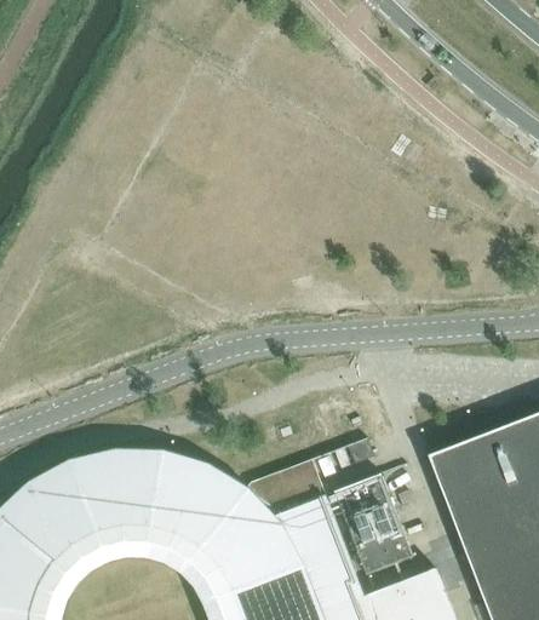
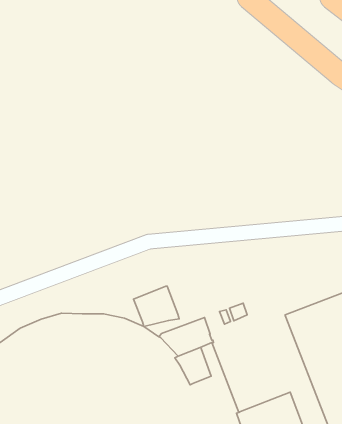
building: none -> [134,286,179,327]
building: [334,475,413,576] -> none

